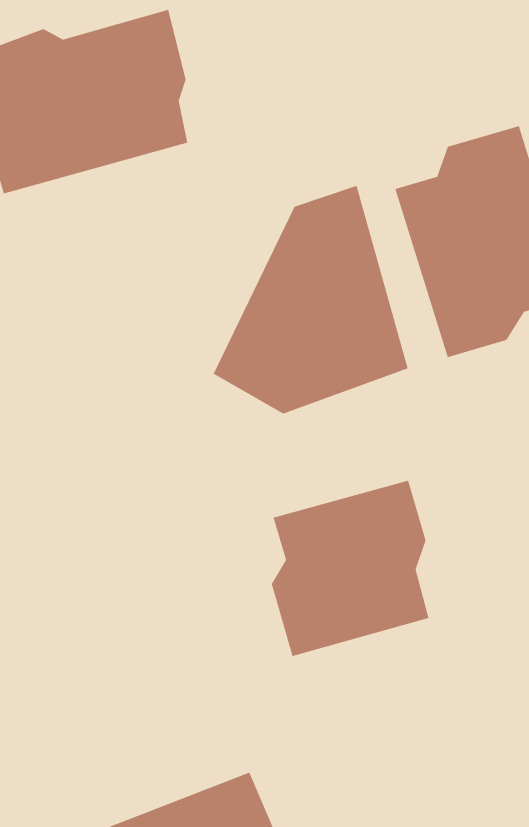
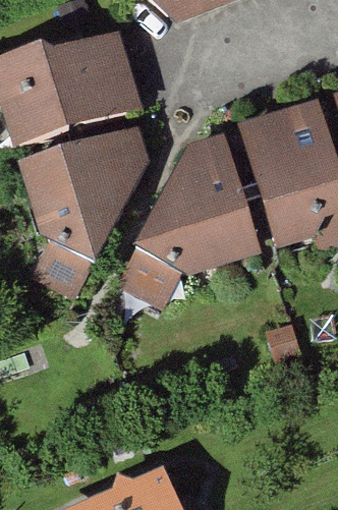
building: none -> [24,128,144,262]
building: [271,480,429,657] -> none

